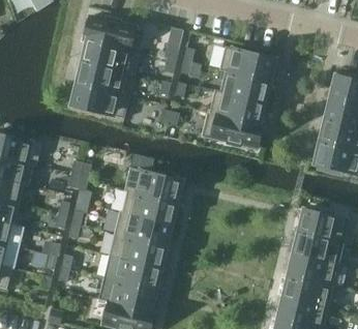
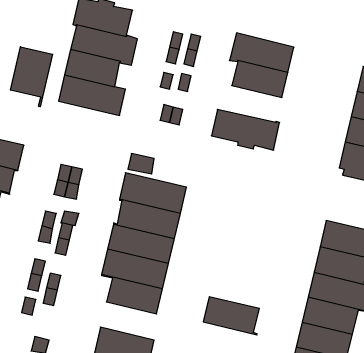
building: none -> [10,47,52,107]
building: [209,89,265,123] -> none
building: [108,278,156,311] -> [203,297,259,335]

